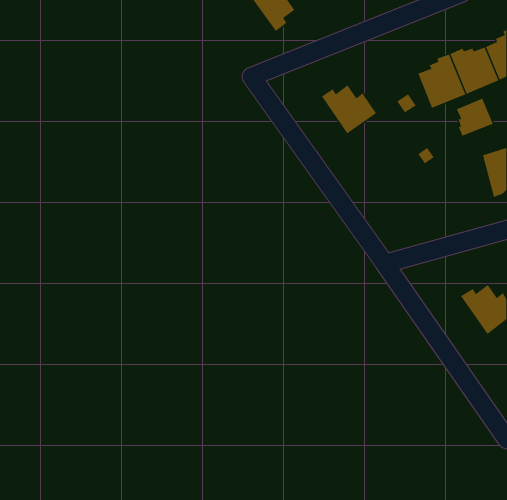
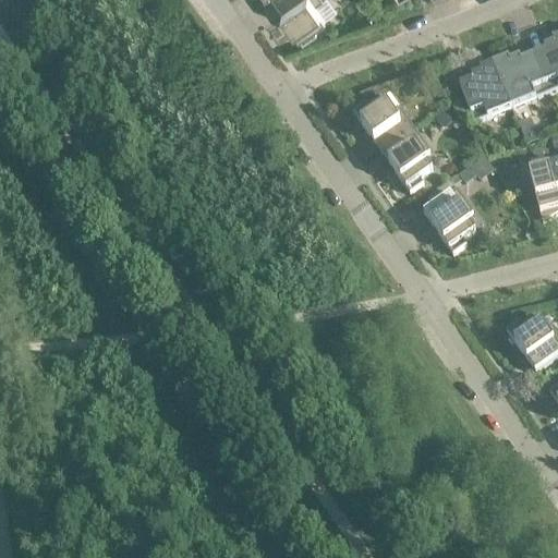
building: [456,98,493,137] -> none
building: none -> [380,124,432,189]
building: none -> [423,184,474,250]

